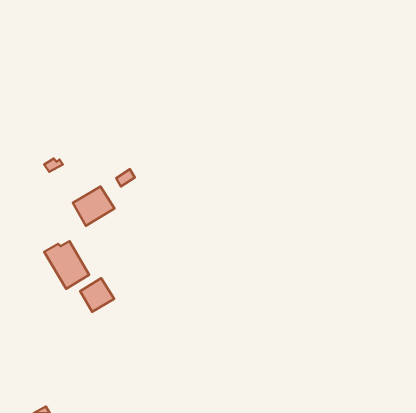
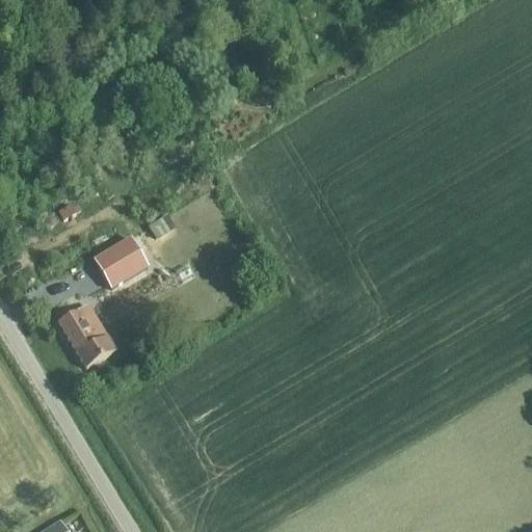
building: [80,278,114,312] -> none

